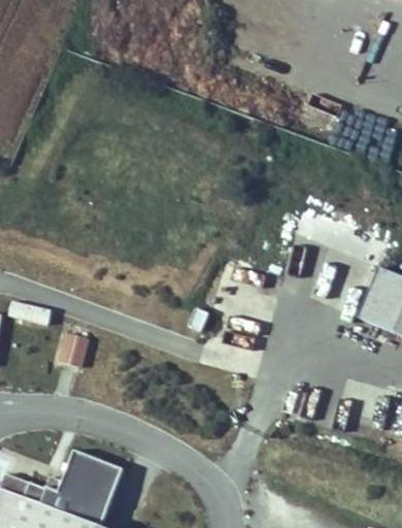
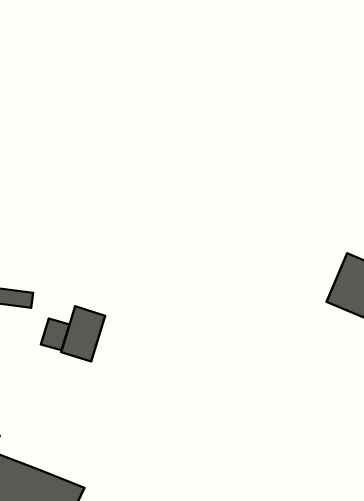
building: none -> [61,306,105,362]
building: [56,449,123,512] -> none

